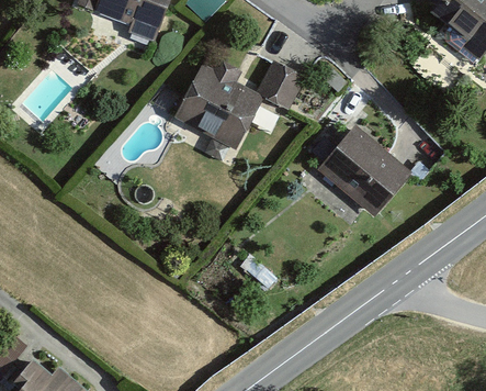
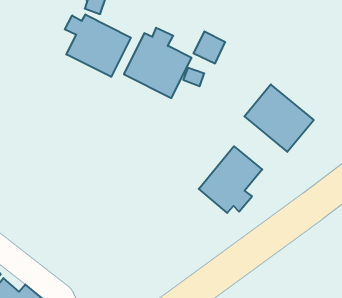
building: none -> [65,14,131,77]
building: none -> [199,146,262,213]

